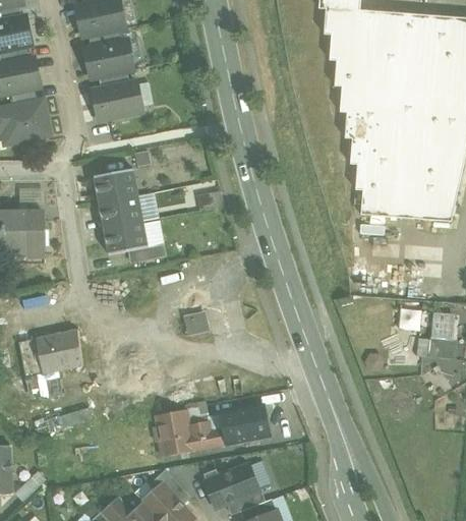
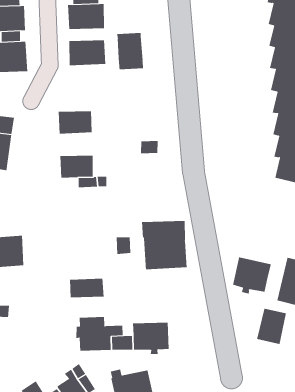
building: none -> [117,32,144,70]
building: [99,194,143,228] -> none
building: none -> [141,220,187,270]
building: none -> [232,257,271,294]
building: none -> [70,278,104,298]
building: none -> [256,308,287,345]

